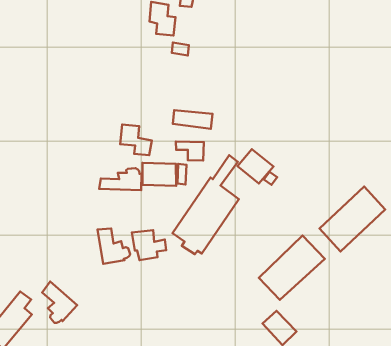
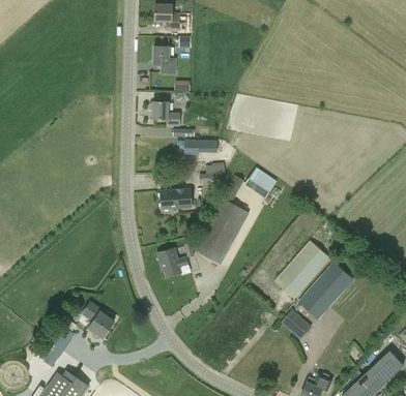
building: [120,125,152,155] -> [152,101,180,126]
building: [99,168,142,190] -> none
building: [319,186,385,252] -> [297,261,354,321]
building: [98,228,130,264] -> none

